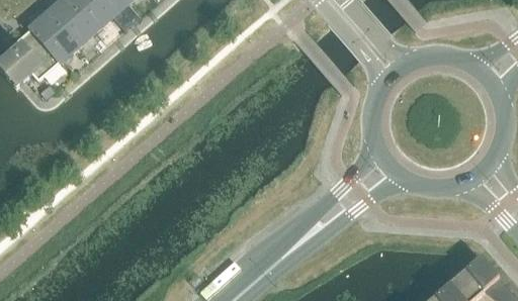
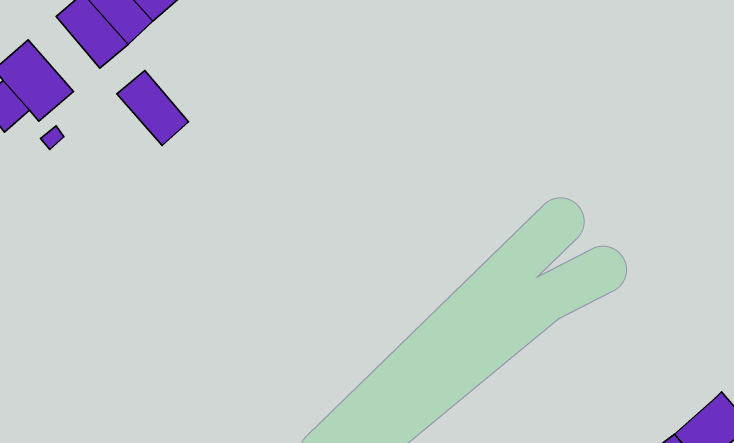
building: [31,11,78,60] -> [117,70,189,145]

